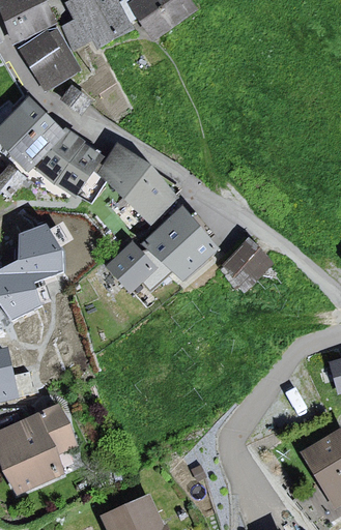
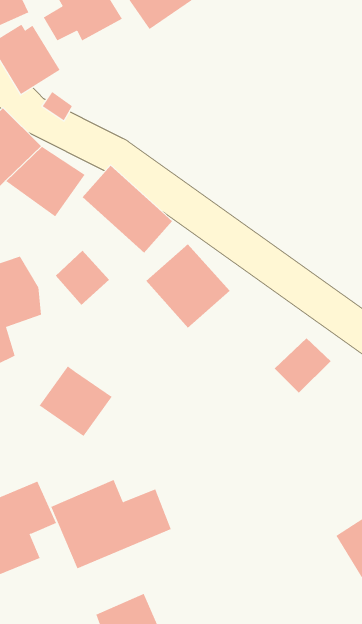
building: [109,244,154,291] -> [55,250,110,306]
building: [223,244,271,291] -> [274,337,331,394]
building: none -> [39,366,112,437]
building: none -> [50,479,172,569]

